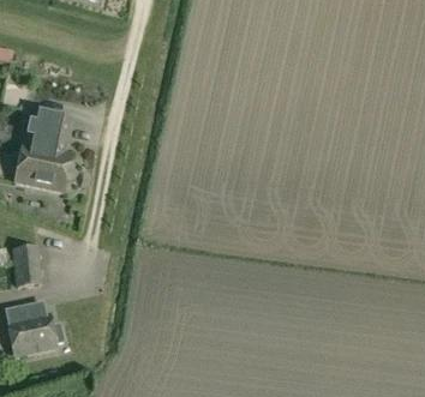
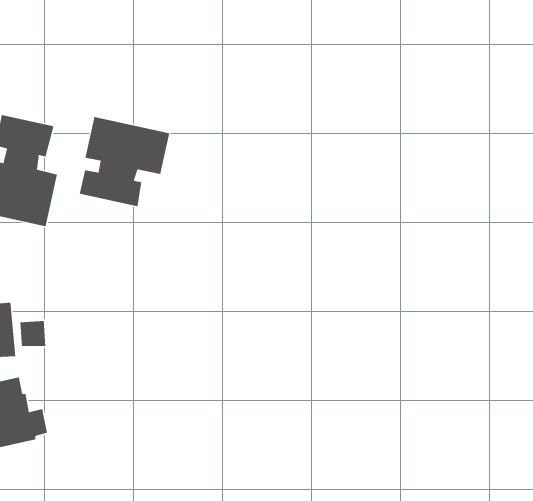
building: none -> [79,116,170,207]

